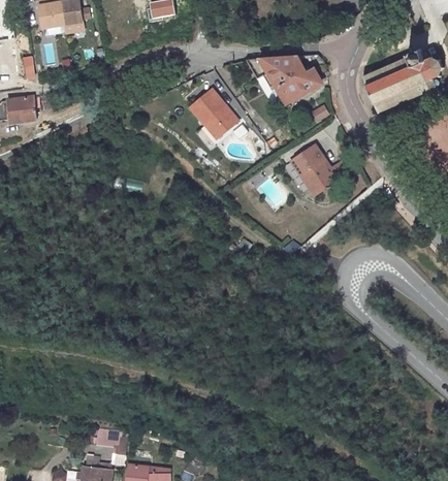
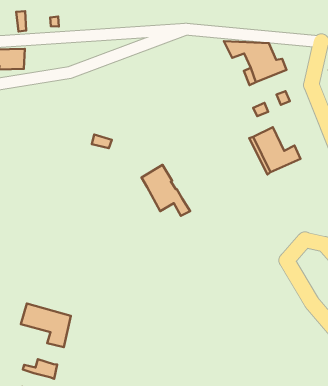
building: [193,90,250,141] -> [142,165,190,216]
building: none -> [21,303,71,347]

